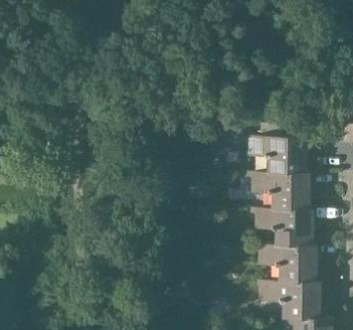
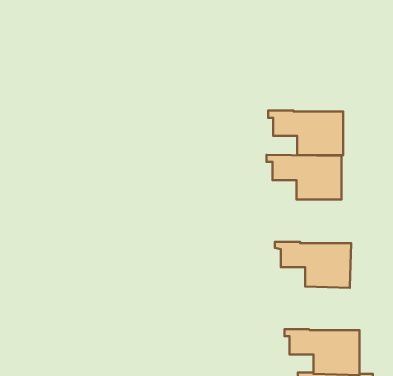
building: [247,172,310,209] -> [268,110,343,155]
building: [254,244,317,282] -> none

